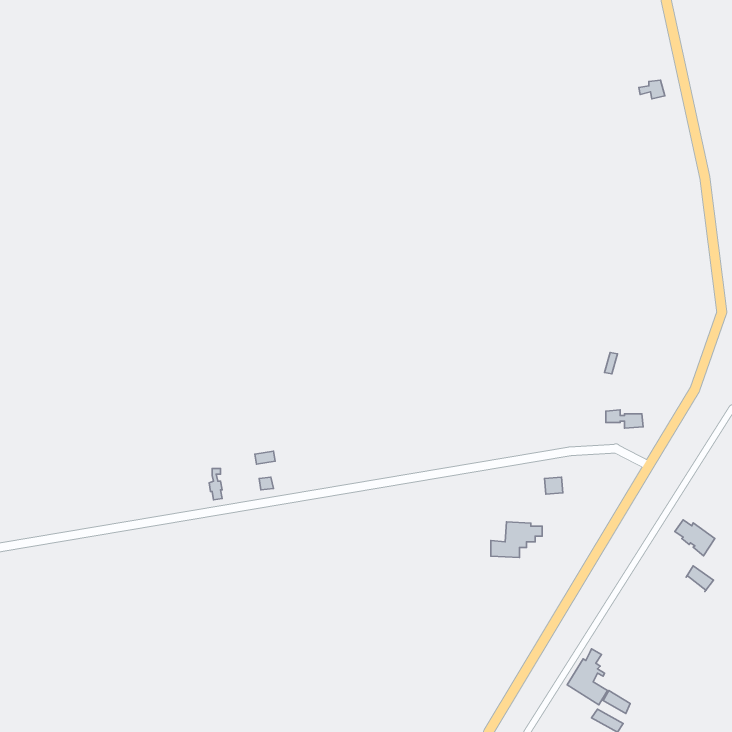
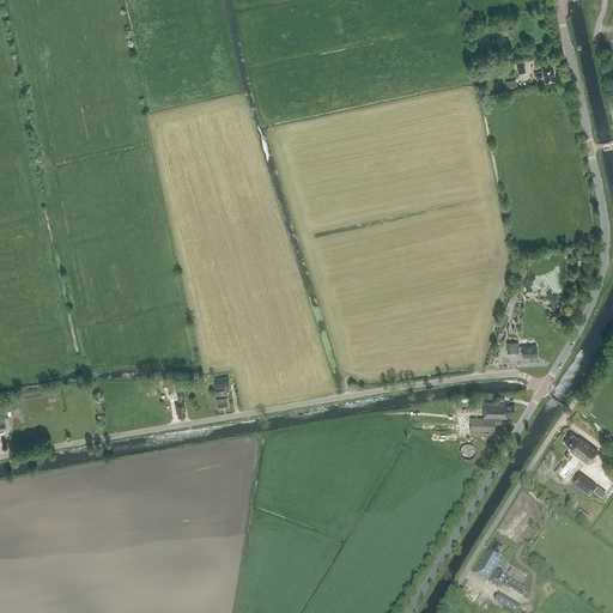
building: [491,522,542,558] -> [471,402,514,432]

